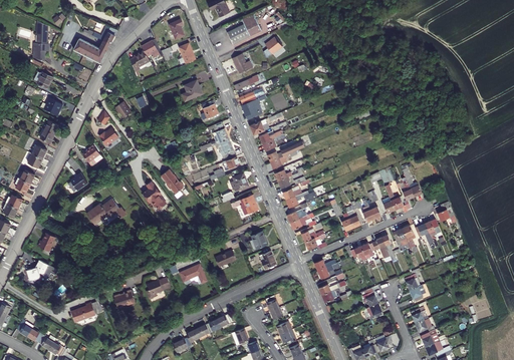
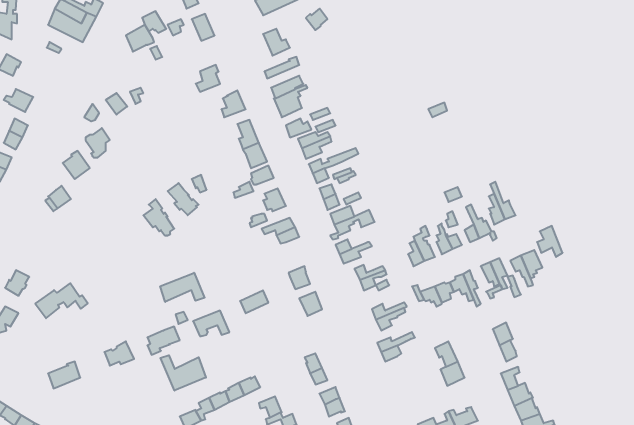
building: [87,200,126,226] -> [35,283,88,318]
building: none -> [160,273,205,302]
building: none -> [160,355,206,391]

